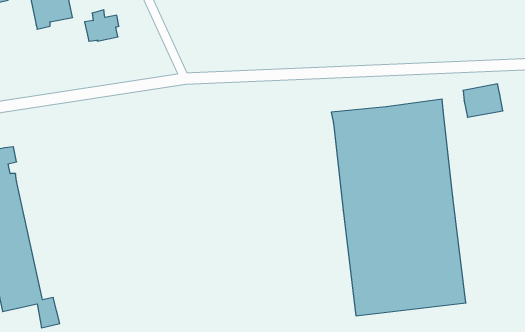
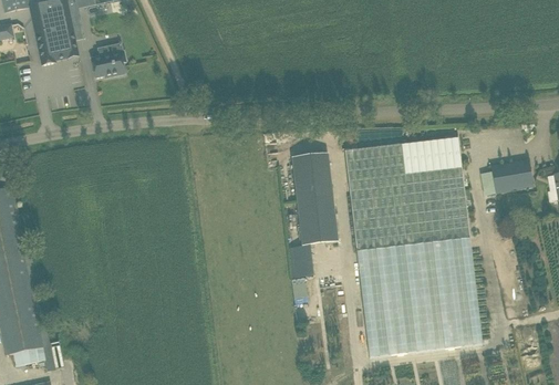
building: [463,84,503,117] -> [490,158,531,192]
building: none -> [290,152,337,244]

